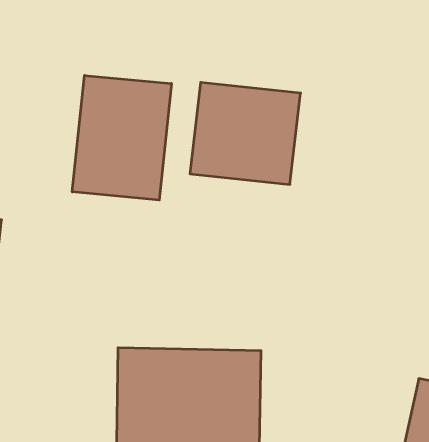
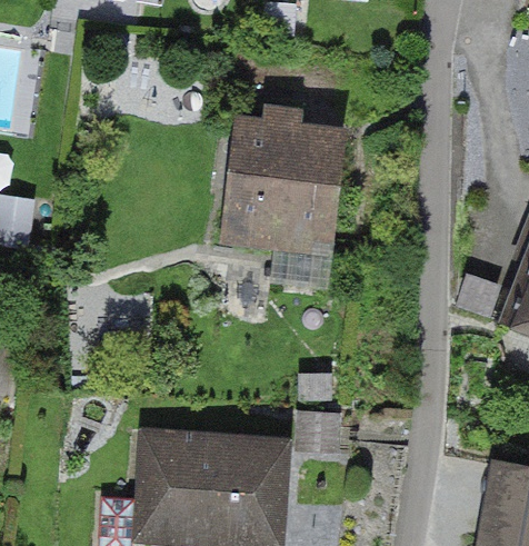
building: [72,75,171,200] -> none

